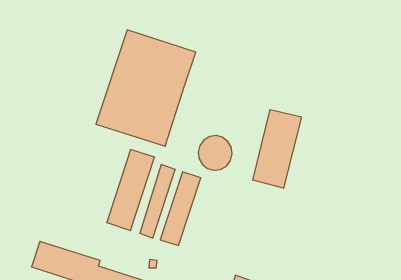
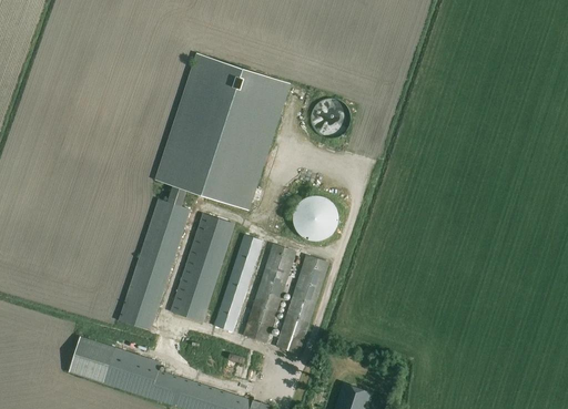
building: [253,110,301,188] -> none
building: none -> [118,198,190,330]
building: none -> [275,255,328,354]

